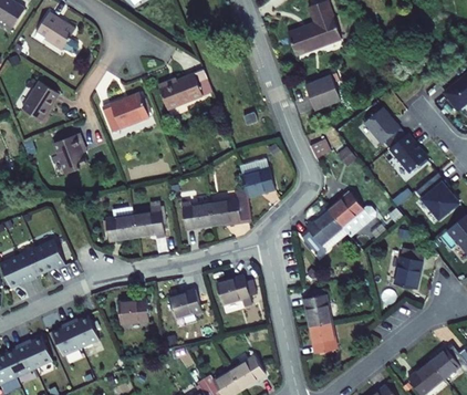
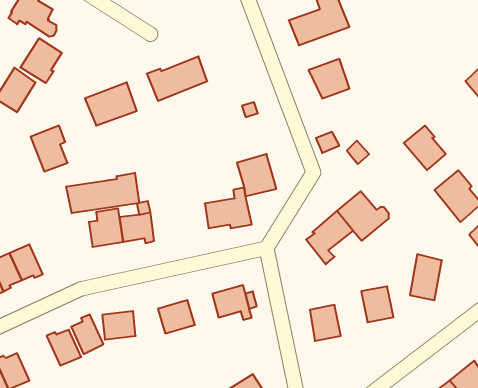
building: none -> [20,38,62,83]
building: [364,106,401,143] -> none
building: none -> [66,173,139,213]
building: [181,201,214,229] -> none
building: [52,321,81,356] -> [71,314,103,354]
building: [309,321,338,353] -> [361,286,393,322]

